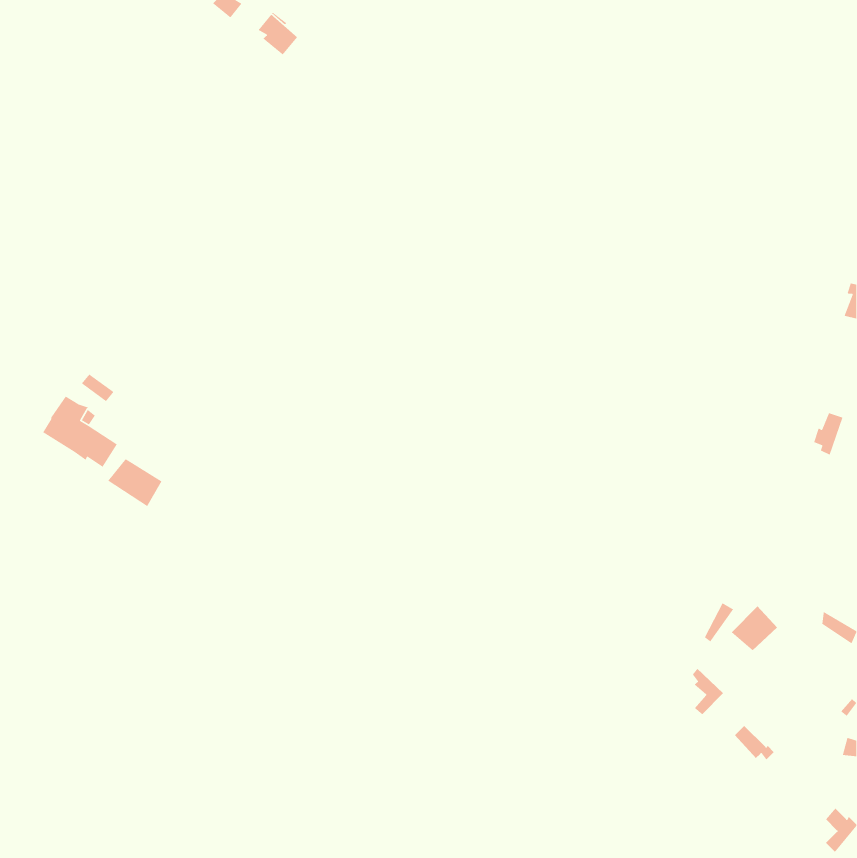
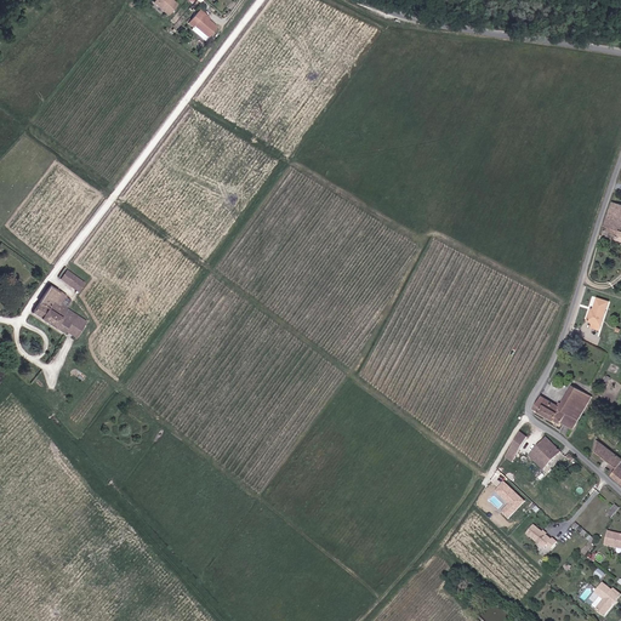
building: [107,458,163,507] -> none
building: none -> [532,386,588,432]

